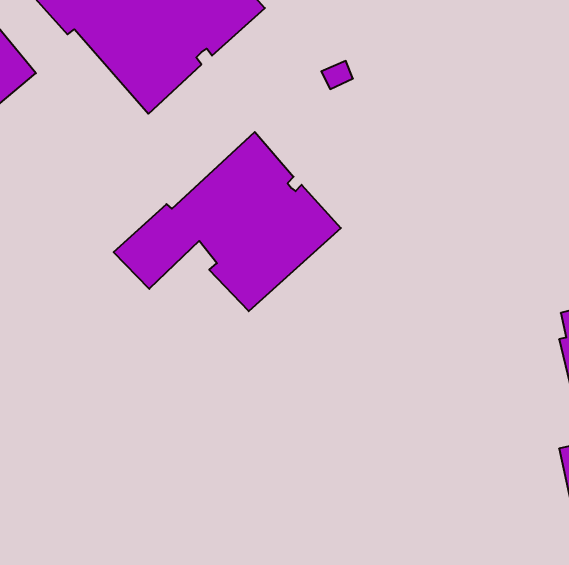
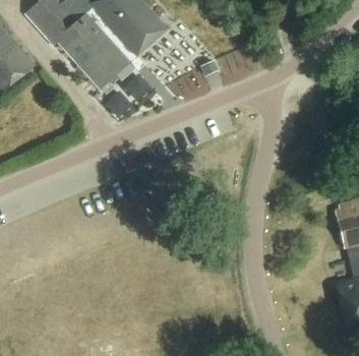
building: [114,132,341,311] -> none

